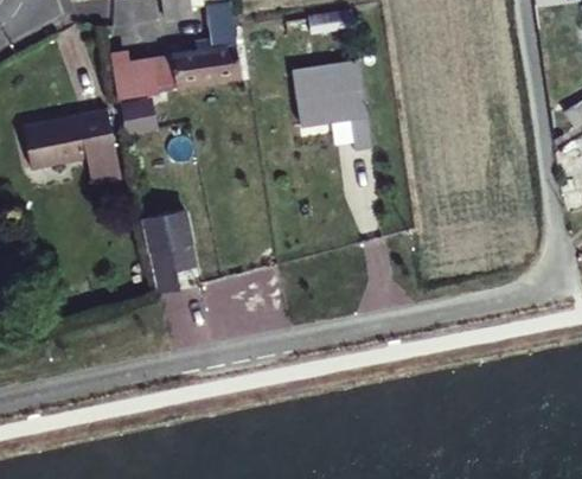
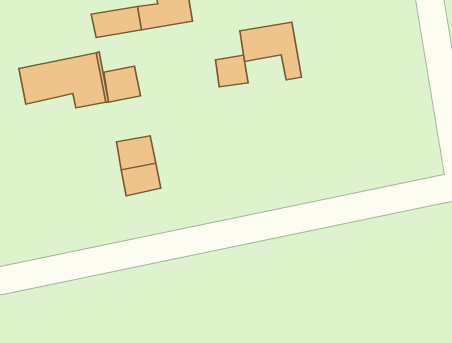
building: none -> [215,55,248,87]
building: none -> [104,66,140,102]

